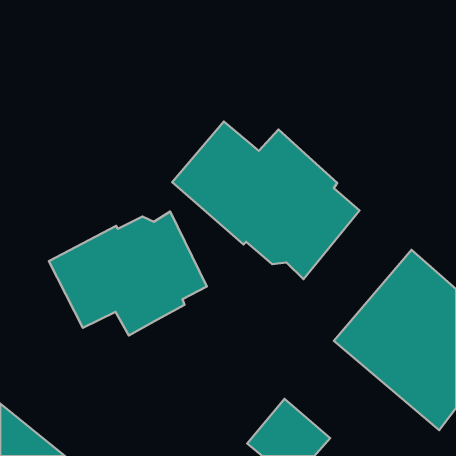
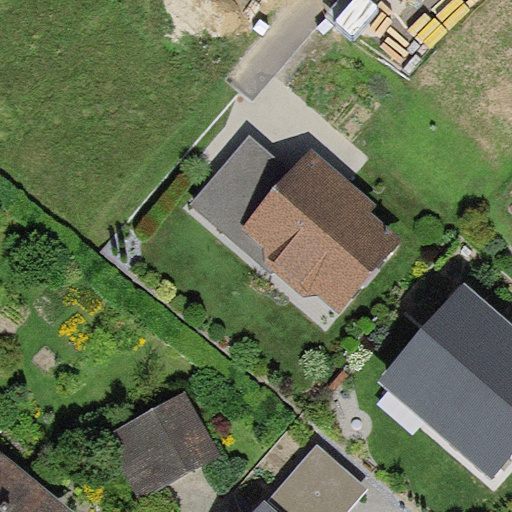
building: [49,212,207,336] -> none
building: none -> [97,396,217,504]

